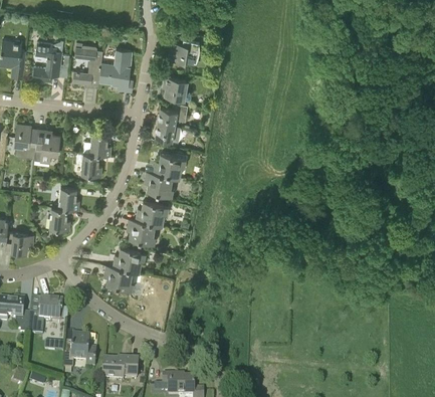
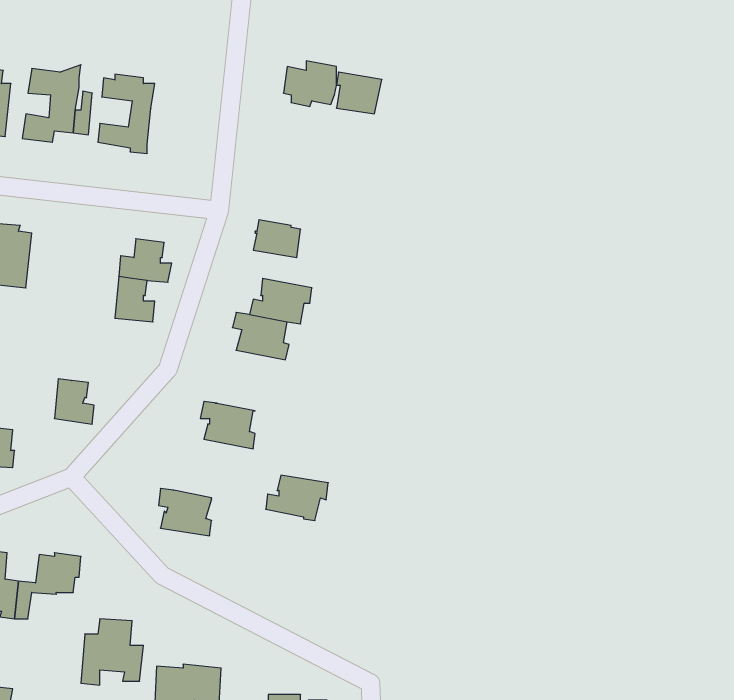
building: [98,47,133,89] -> none
building: [164,74,188,96] -> [336,72,382,114]
building: [158,102,188,124] -> none
building: [34,128,59,160] -> none
building: [58,185,79,209] -> none
building: [135,199,169,224] -> none
building: [113,246,146,270] -> [266,475,328,521]

